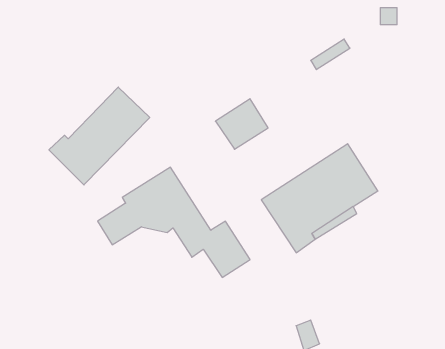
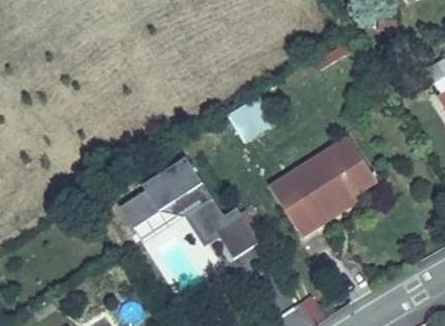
building: [49,87,150,185] -> none

